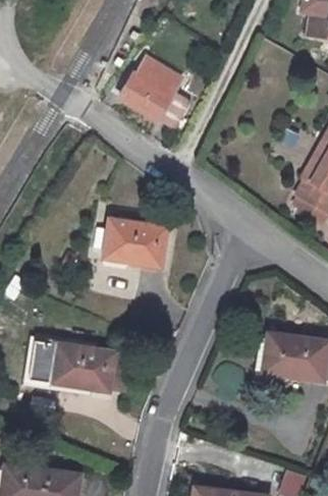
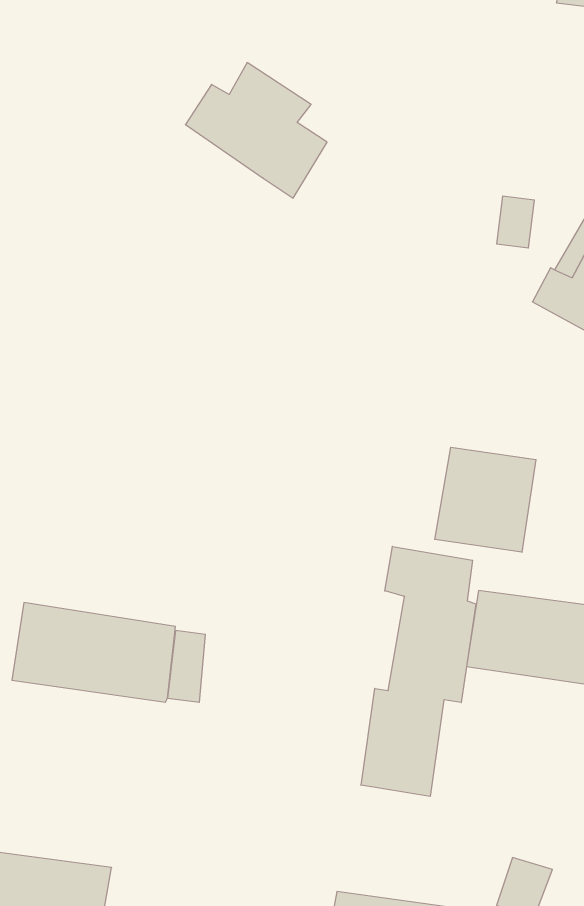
building: [102,220,164,266] -> none
building: none -> [435,447,536,552]
building: none -> [361,546,476,796]

